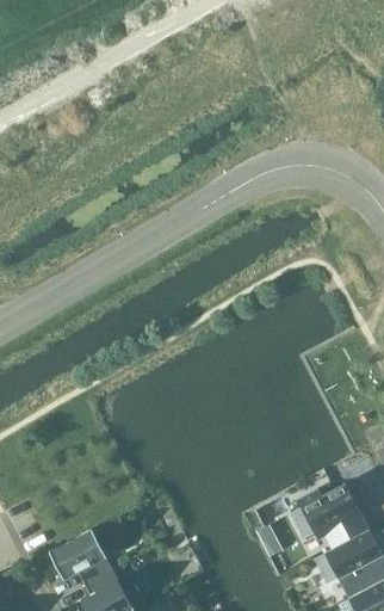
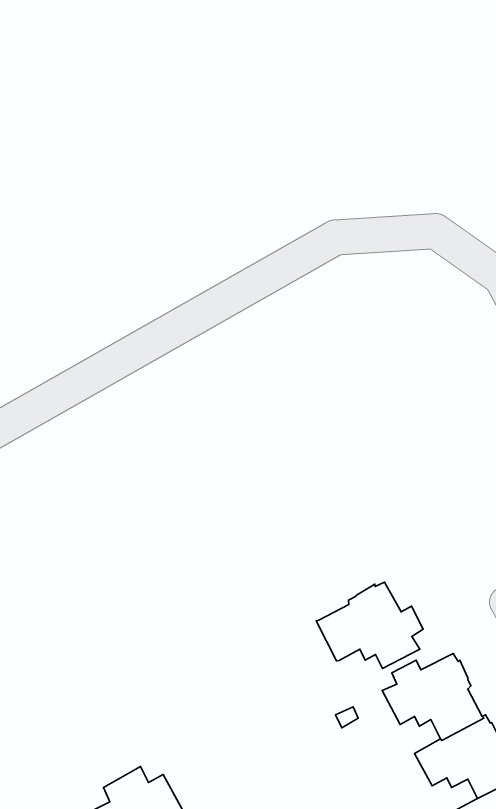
building: none -> [316,582,423,669]
building: [48,525,116,586] -> none

